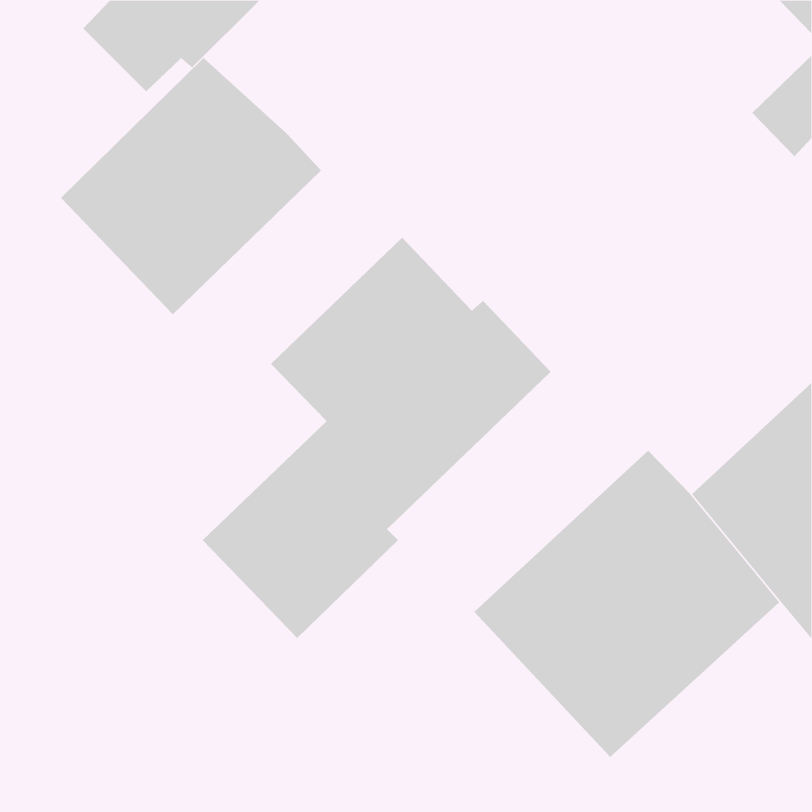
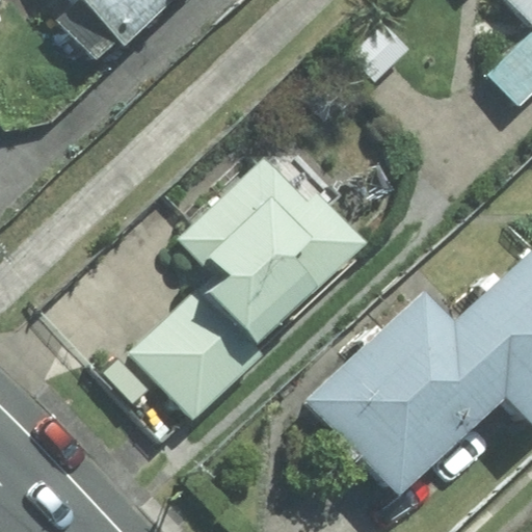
building: [60,57,322,315] -> none

